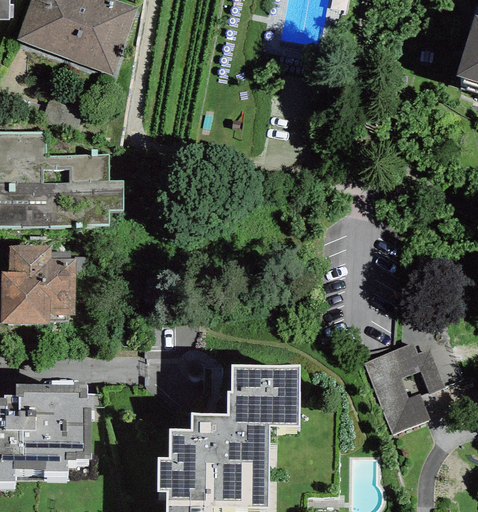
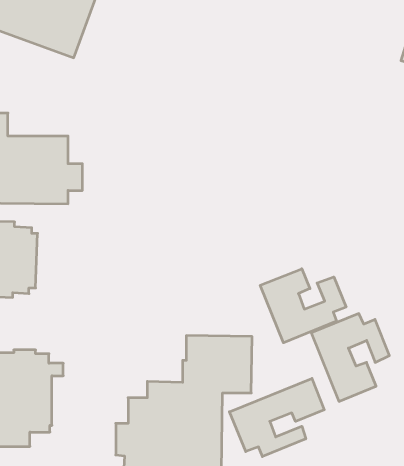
building: none -> [260,269,346,343]
building: none -> [229,378,324,457]

